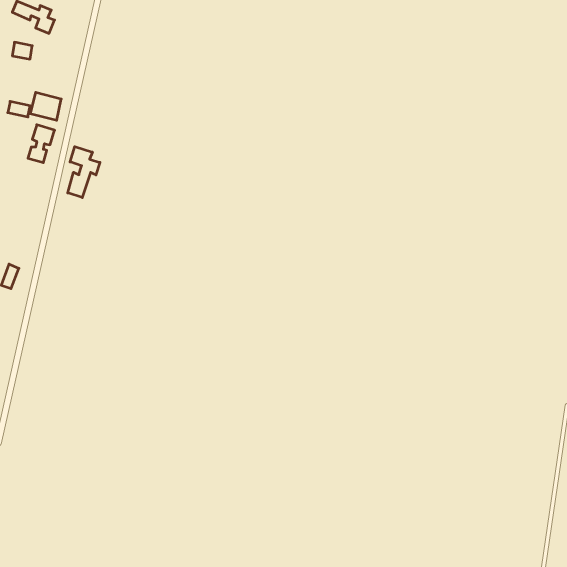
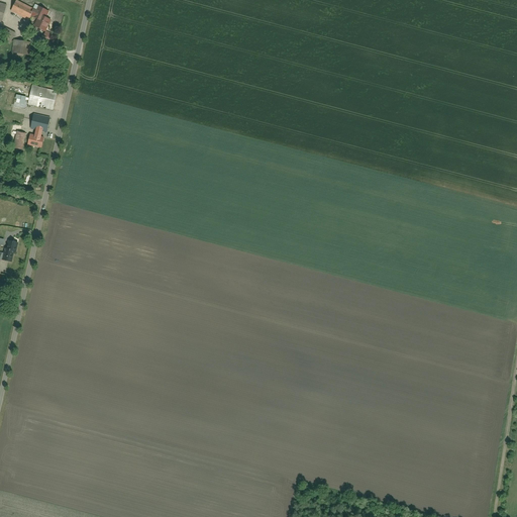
building: [68,147,100,198] -> none

